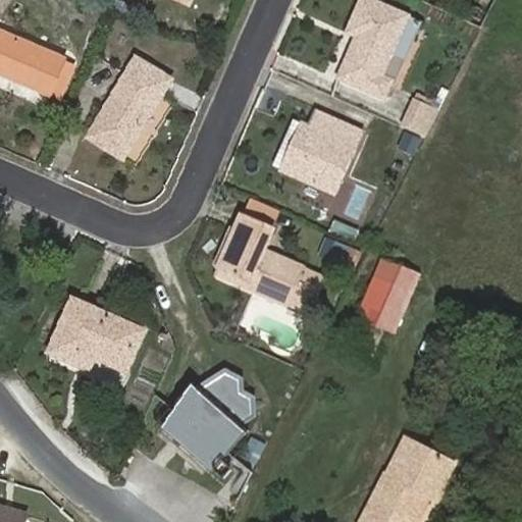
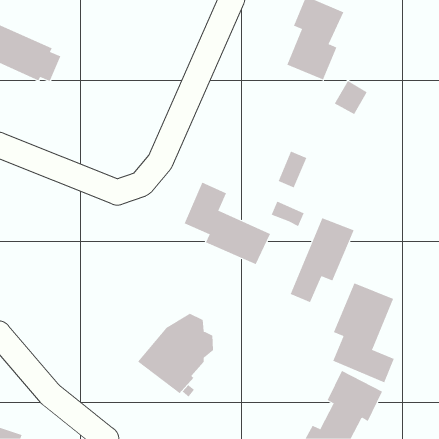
building: [87,59,167,157] -> none
building: [282,108,360,192] -> none
building: [48,299,142,369] -> none
building: none -> [333,283,395,383]

